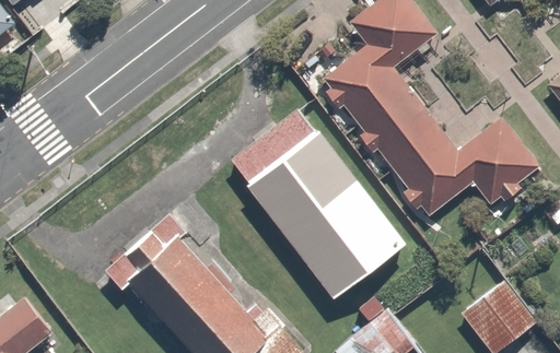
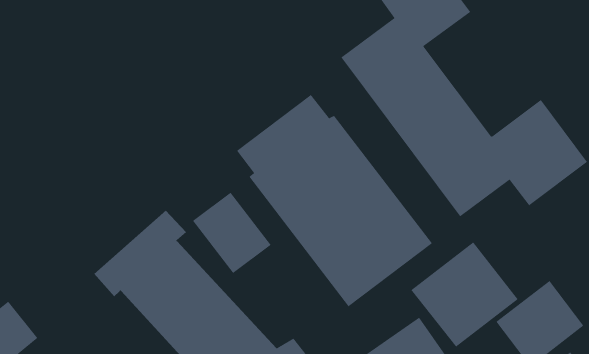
building: none -> [192,192,271,274]
building: none -> [411,242,518,348]

